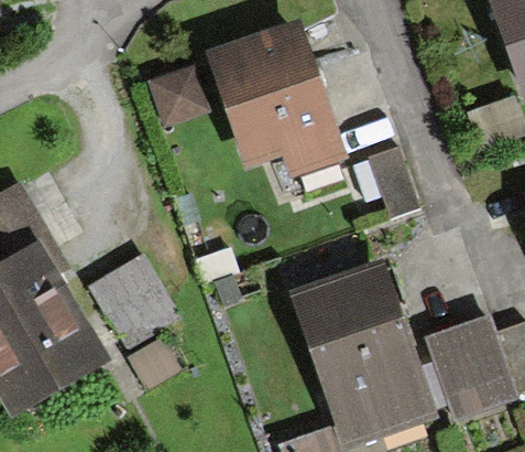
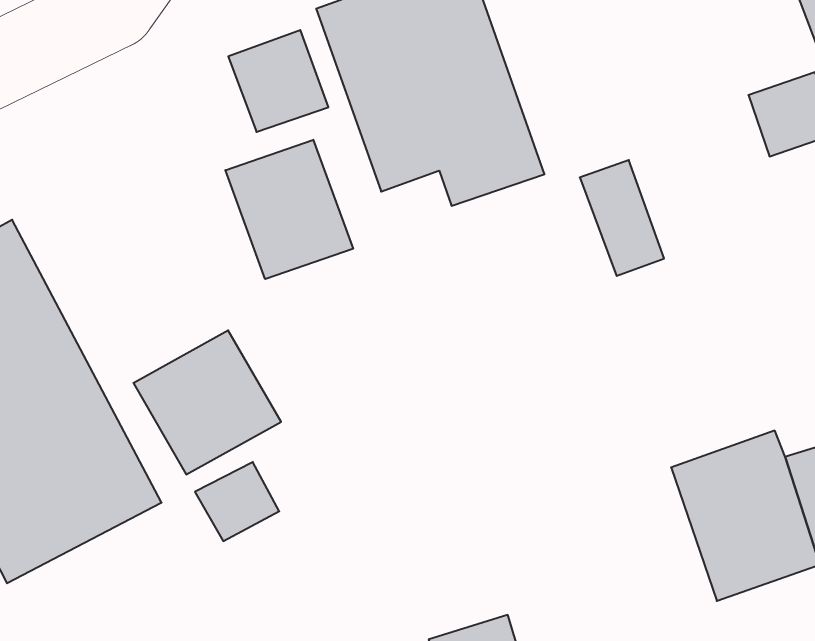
building: none -> [225,140,353,279]
building: [294,267,430,440] -> none

